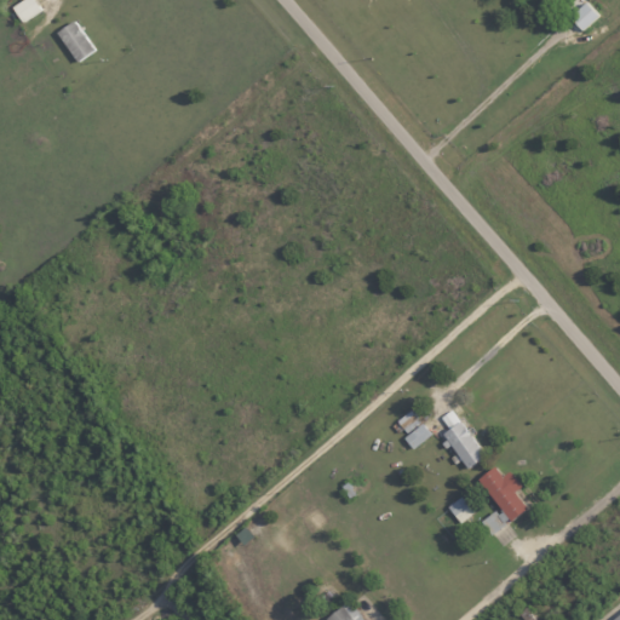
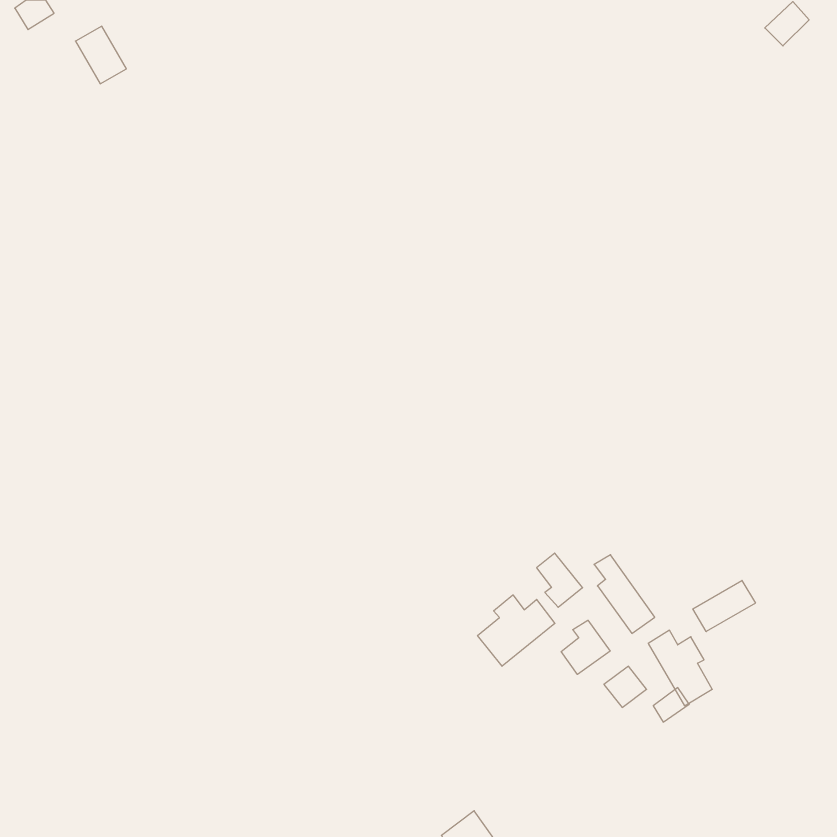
building: none -> [693,580,755,632]
building: none -> [478,595,555,666]
building: none -> [561,620,610,674]

